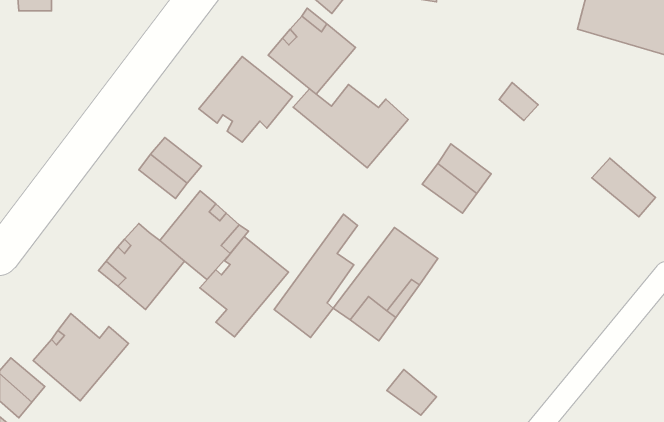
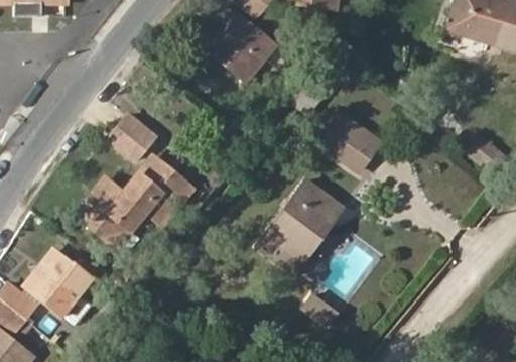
building: [199,56,292,142] -> none
building: [293,85,408,168] -> none
building: [274,214,357,338] -> none
building: [200,236,288,337] -> none

